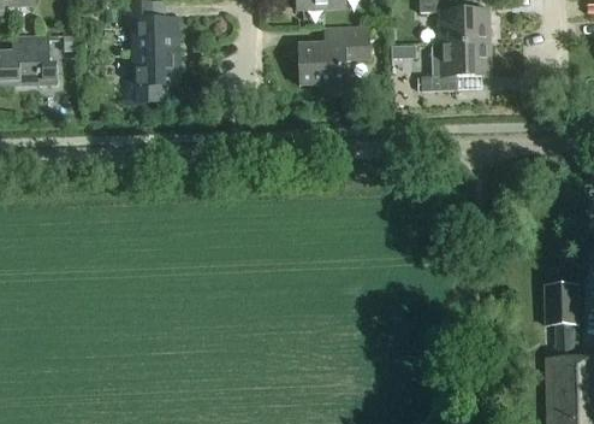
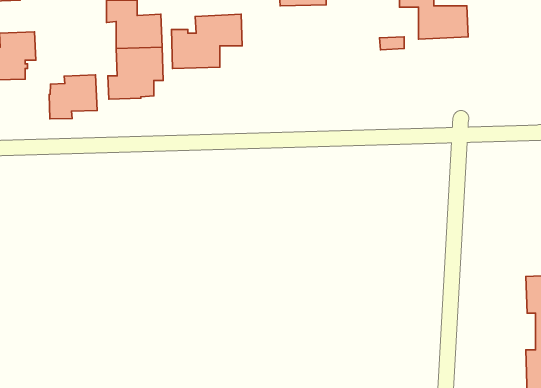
building: [298,26,370,82] -> [171,14,242,68]
building: [421,40,489,90] -> none
building: none -> [49,75,97,119]

